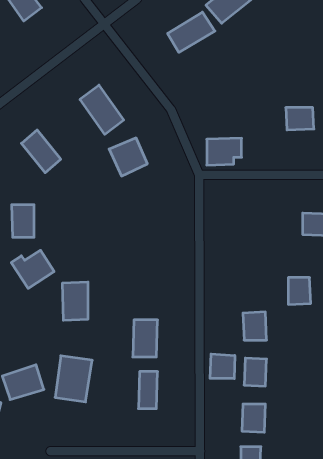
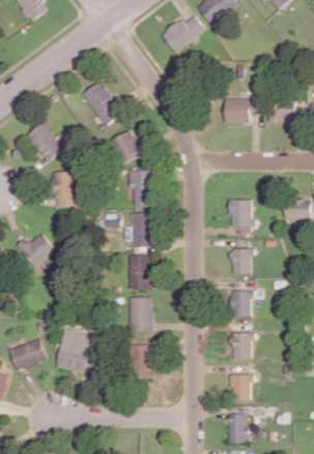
building: [207,138,242,165] -> [225,98,257,123]
building: none -> [128,170,152,207]
building: [12,205,34,237] -> [54,172,74,202]
building: none -> [230,200,252,226]
building: none -> [123,212,153,245]
building: [288,278,311,304] -> [231,249,252,274]
building: [62,282,88,320] -> [128,254,152,290]
building: [210,354,235,379] -> none

